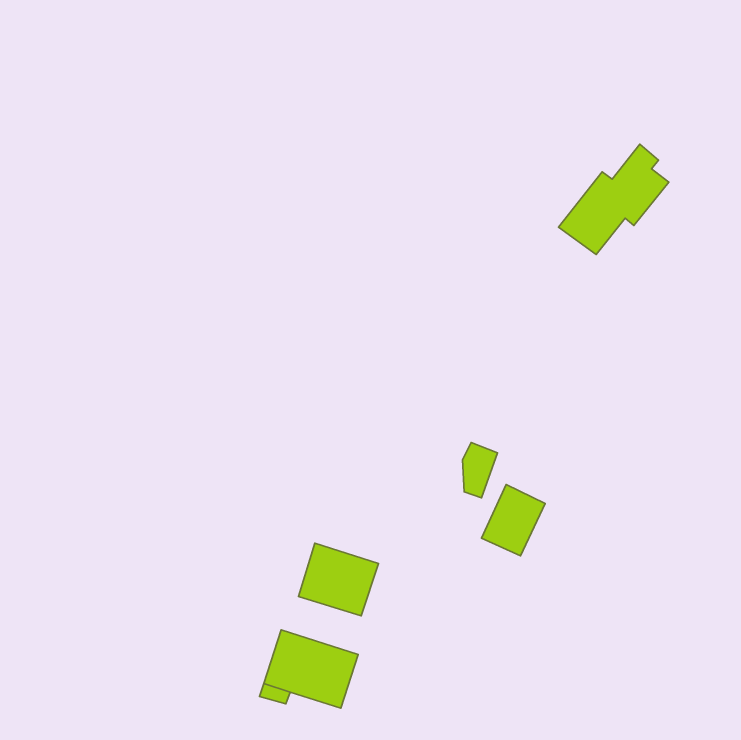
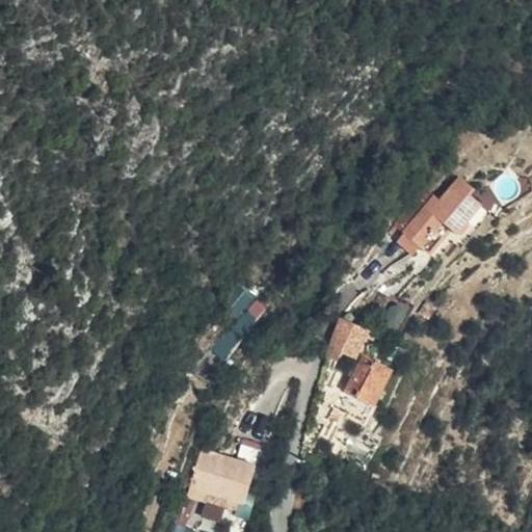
building: [559,144,669,255] -> [398,179,477,258]
building: [299,543,379,616] -> none

